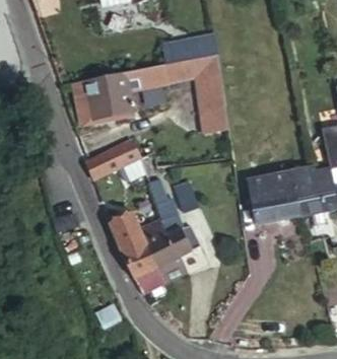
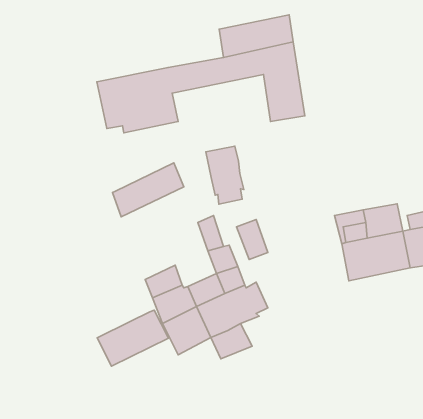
building: none -> [206,146,244,204]
building: none -> [97,310,168,366]

